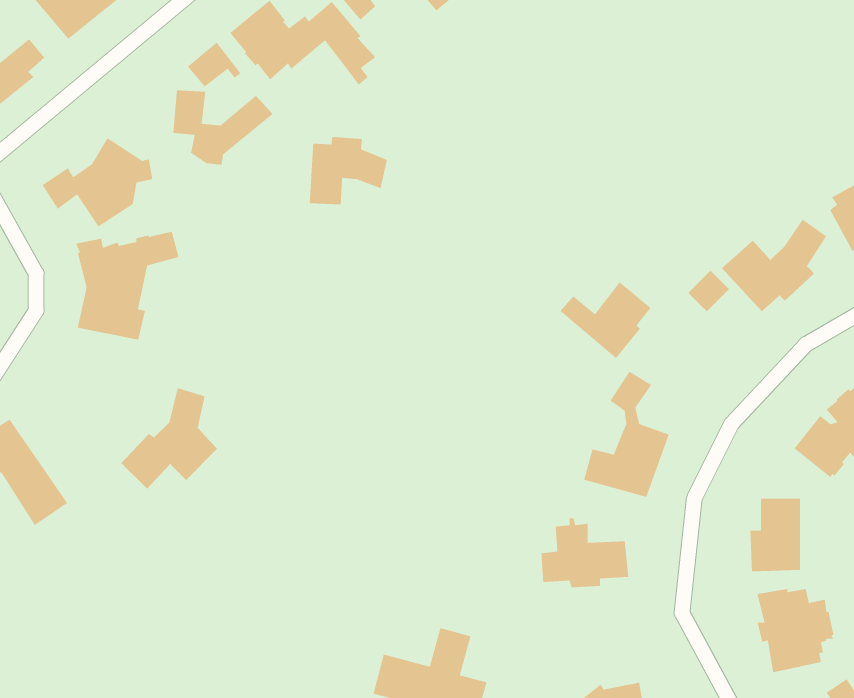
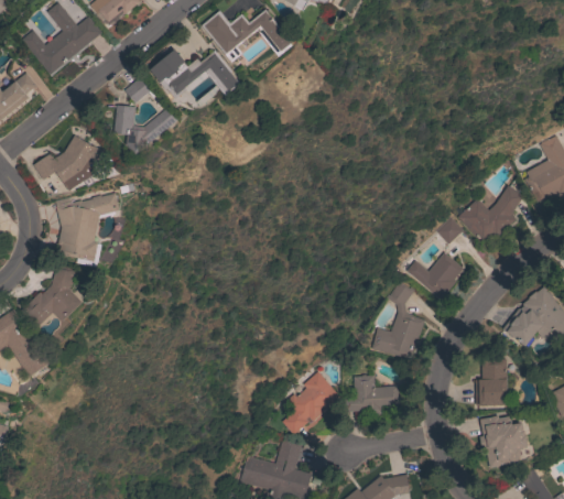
building: [309,136,388,205] -> none
building: [559,281,651,359] -> [406,251,464,300]
building: [121,387,218,490] -> [22,263,83,327]
building: none -> [281,372,339,435]

